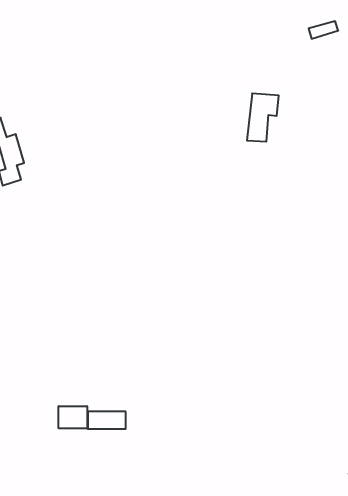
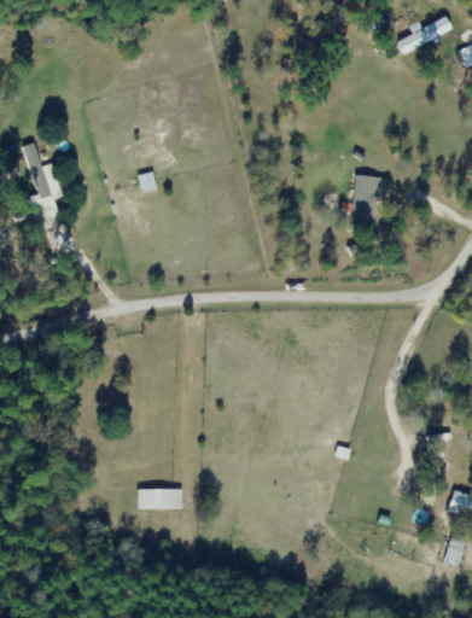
building: [247,93,279,142] -> [349,174,386,231]
building: [59,406,87,428] -> none

